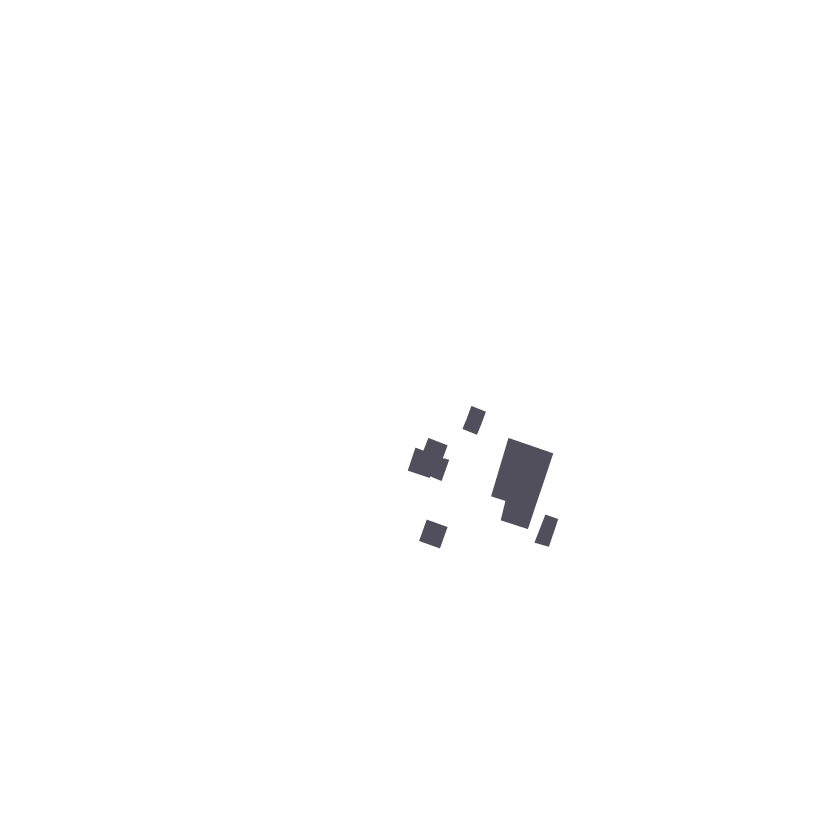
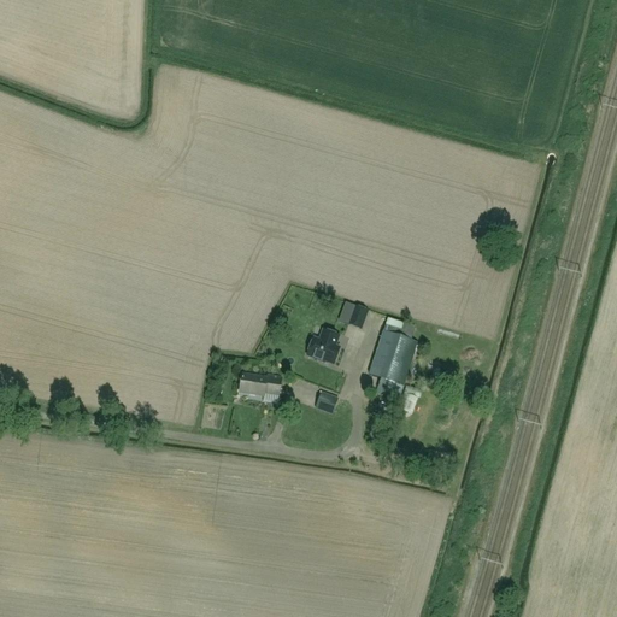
building: none -> [239,372,281,394]

